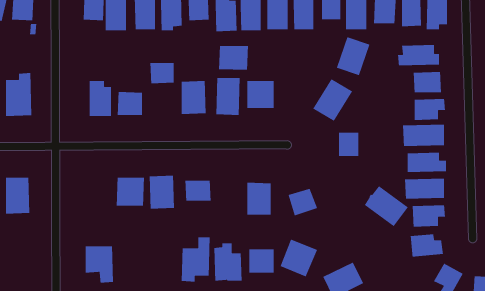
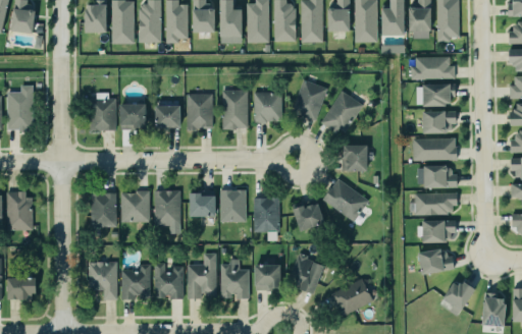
building: [336,36,371,76] -> [291,79,326,120]
building: [218,45,249,71] -> none
building: [149,62,174,84] -> [156,106,181,128]
building: none -> [219,189,245,221]
building: none -> [90,191,116,227]
building: [364,185,409,227] -> [319,178,365,221]
building: none -> [120,264,149,298]
building: none -> [153,264,182,299]
building: none -> [7,278,37,300]

